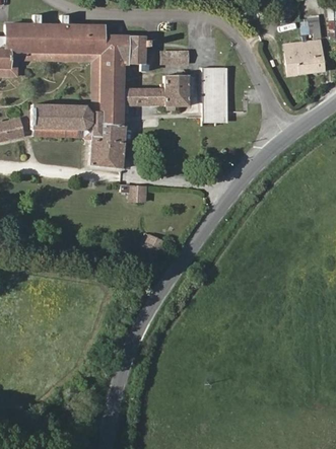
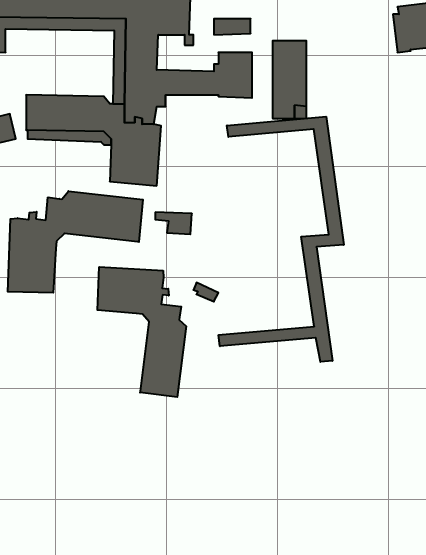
building: none -> [219,117,344,362]
building: none -> [8,191,143,293]
building: none -> [97,267,186,397]

